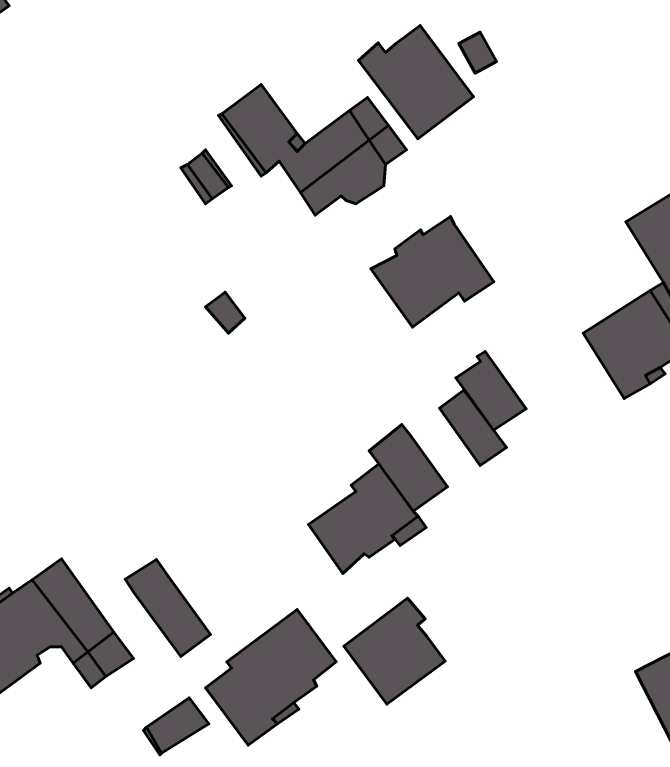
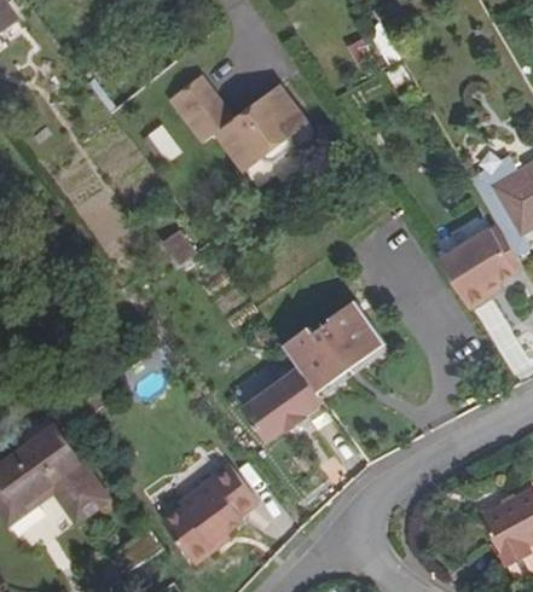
building: [358,26,473,139] -> none
building: [371,217,494,327] -> none
building: [456,352,526,430] -> [312,315,364,373]
building: [125,560,210,657] -> none
building: [344,598,445,704] -> none

